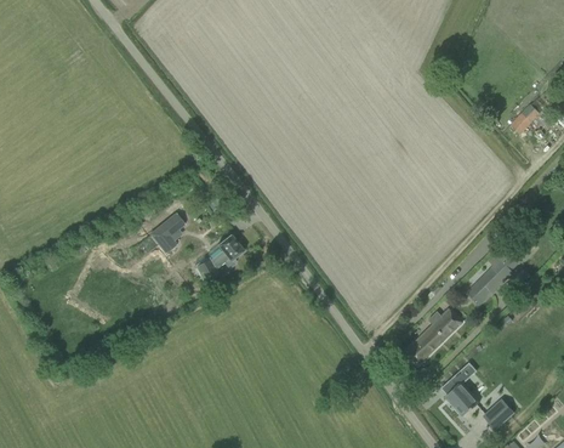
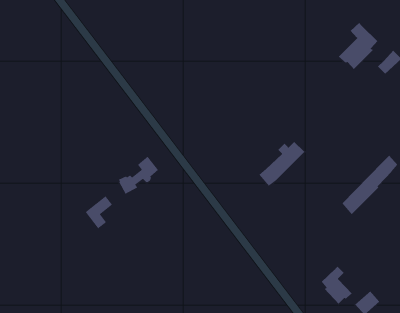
building: none -> [338,22,378,70]
building: [150,212,184,254] -> [85,195,113,229]
building: [405,308,462,364] -> [259,141,305,187]

